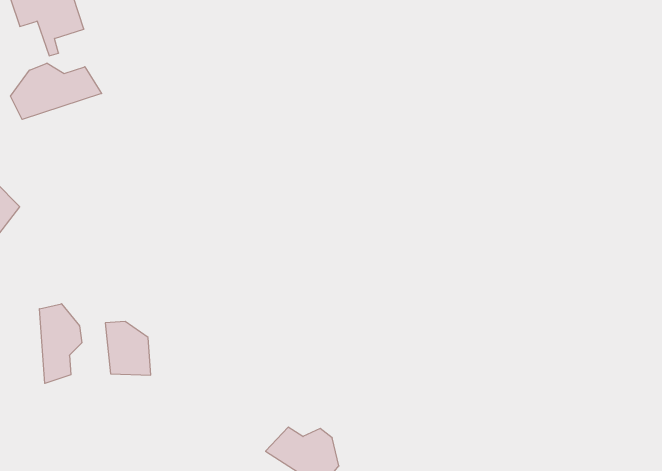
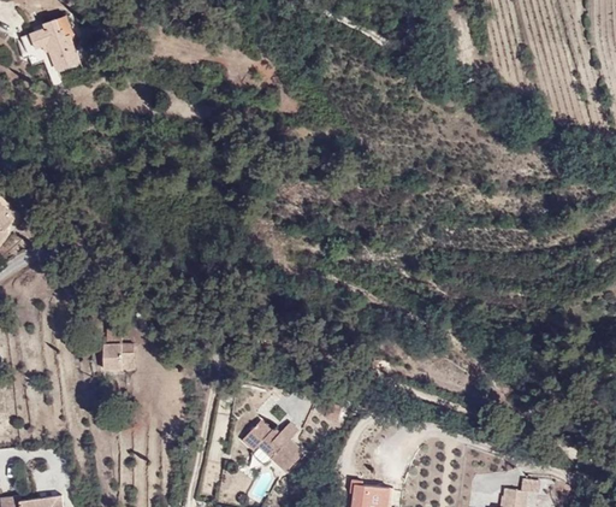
building: [10,63,102,119] -> none
building: [39,304,82,383] -> none

